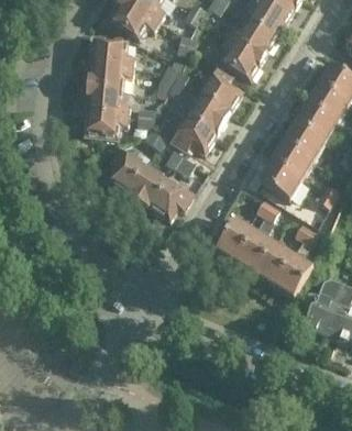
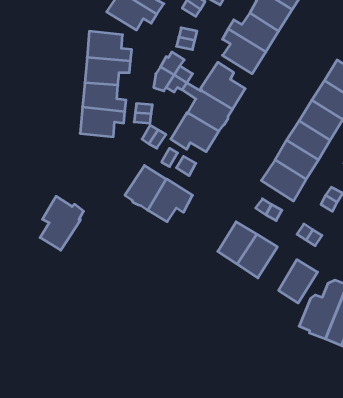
building: [107,143,149,195] -> [40,196,84,250]
building: [254,244,292,286] -> none

